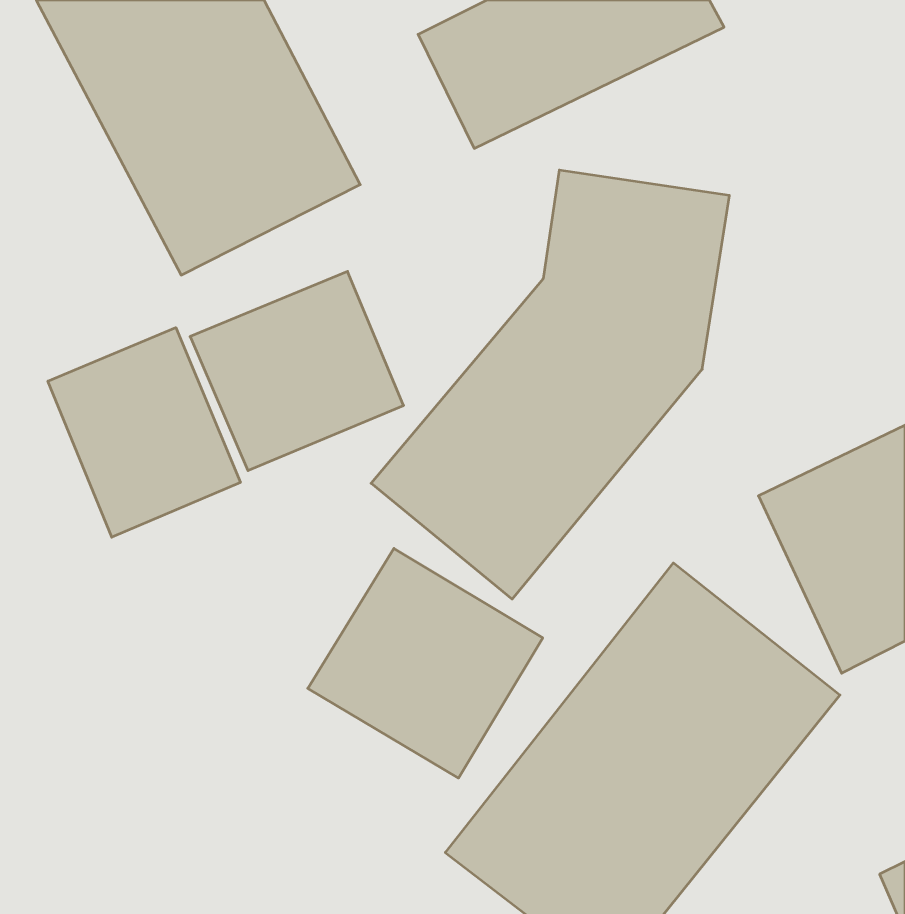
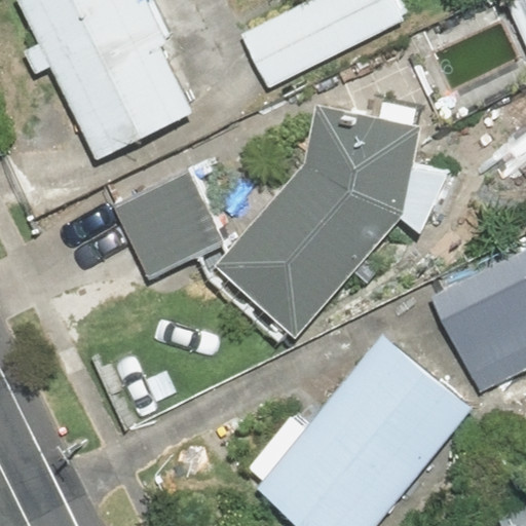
building: [48,328,240,537] -> none
building: [308,548,543,778] -> none

